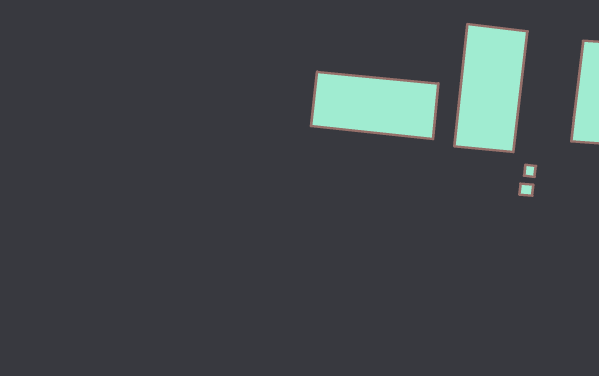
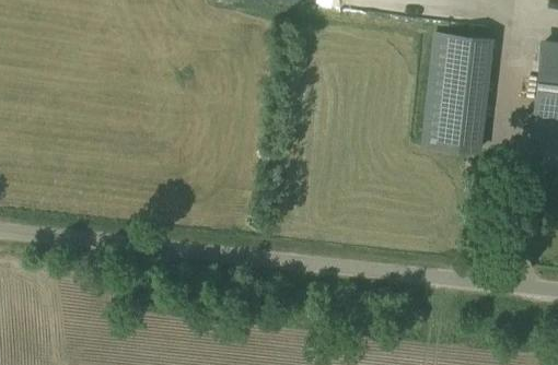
building: [311,72,438,139] -> none

